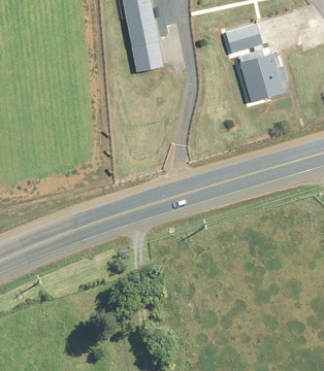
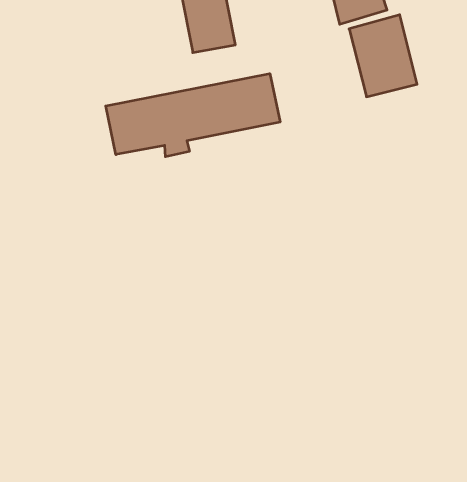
building: none -> [106,74,280,157]

